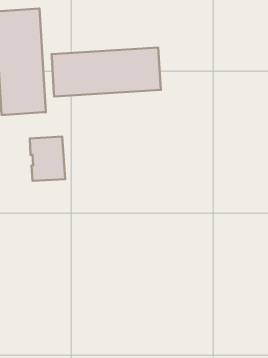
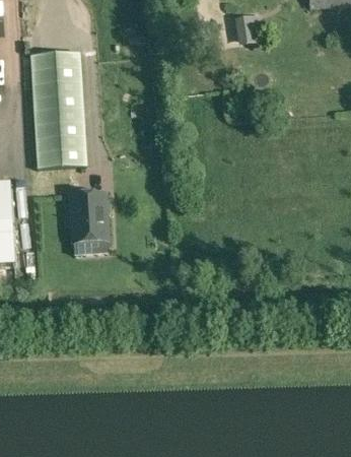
building: [52,48,161,97] -> none

